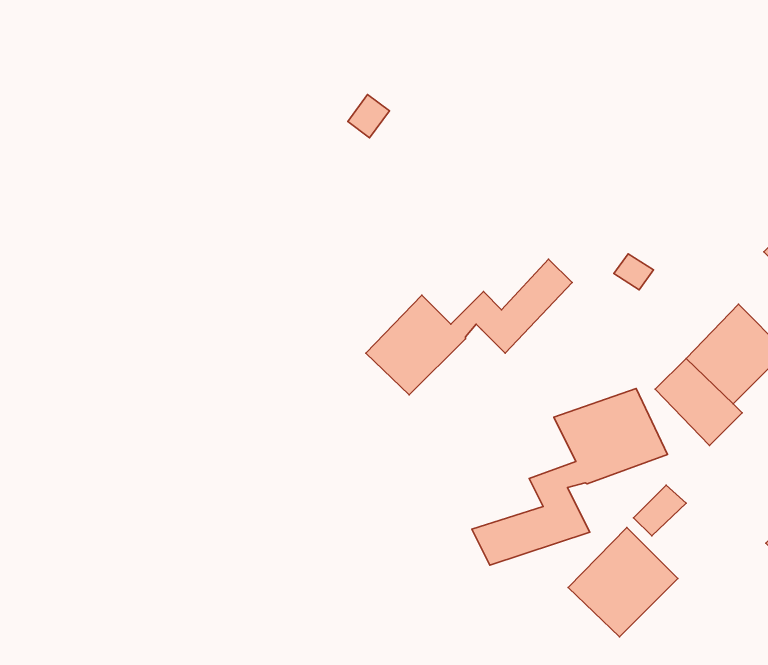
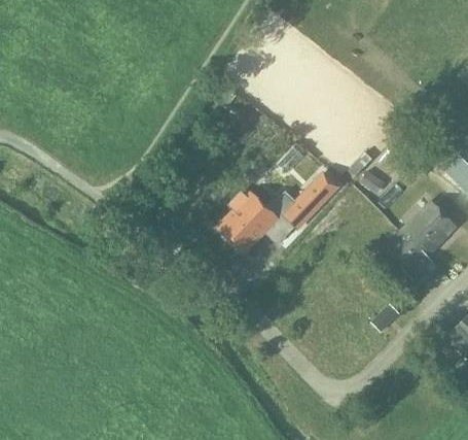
building: [472,389,667,565] -> none
building: [568,527,678,637] -> none

